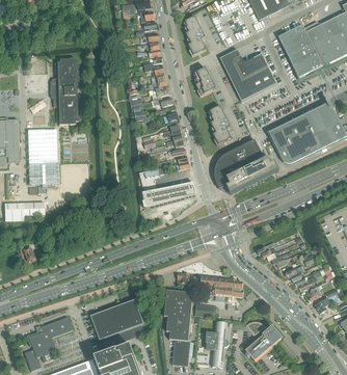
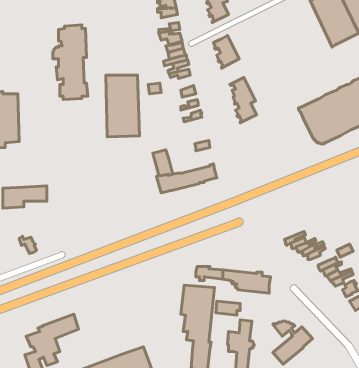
building: [219,50,275,101] -> none
building: [27,129,57,184] -> [106,75,140,137]
building: [214,139,277,194] -> none
building: [90,296,143,353] -> none

